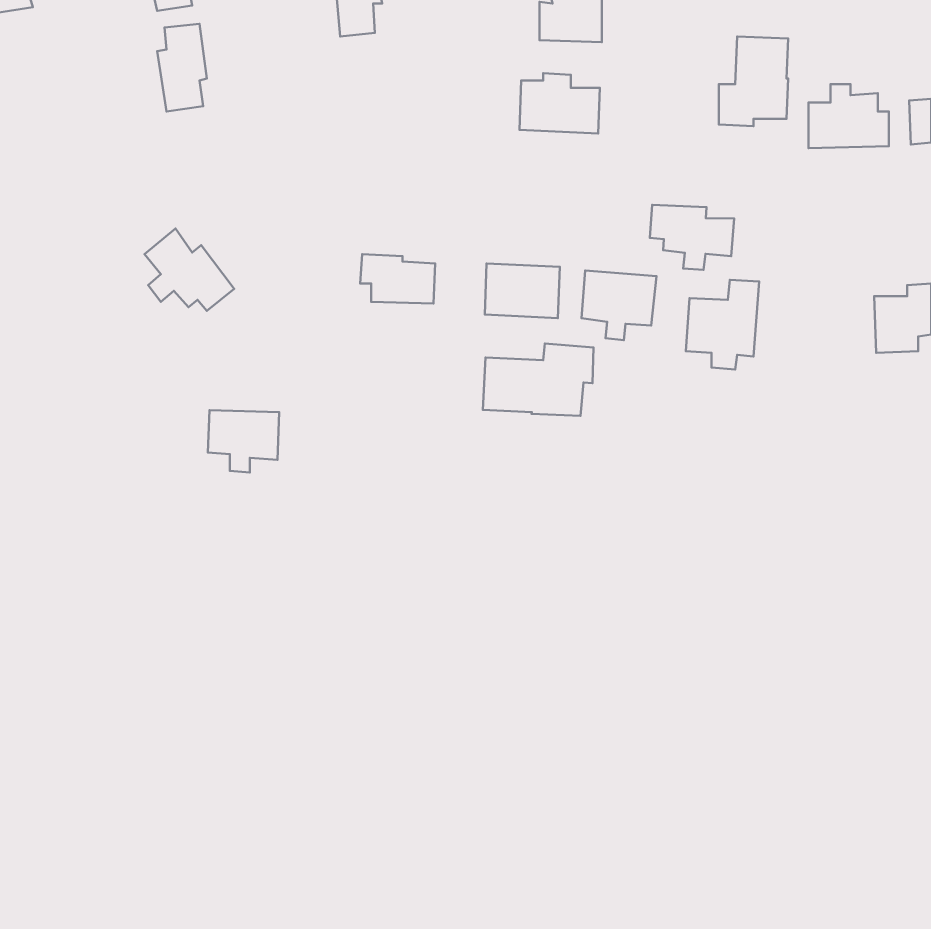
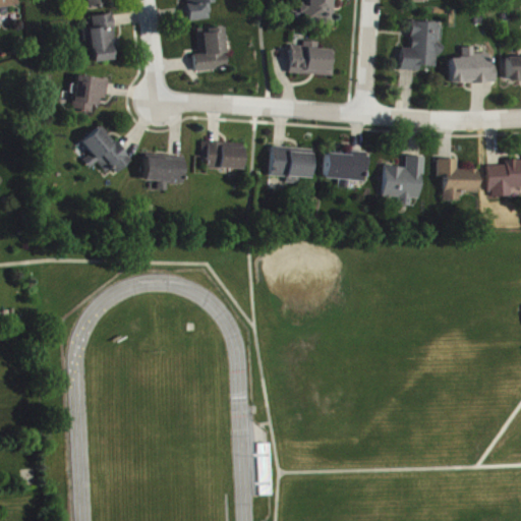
building: none -> [193,26,225,70]
building: none -> [70,74,108,112]
building: [650,205,734,270] -> none
building: none -> [437,159,477,200]
building: [483,344,594,416] -> none
building: [208,410,279,472] -> [143,157,183,191]

